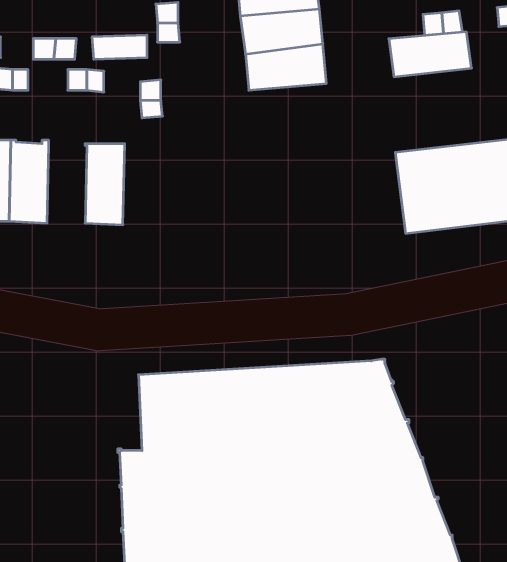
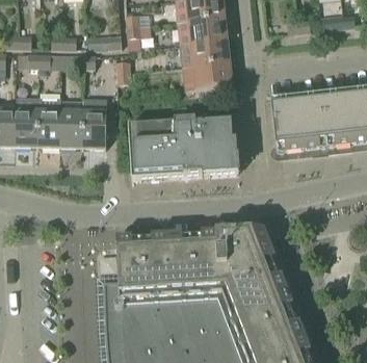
building: [389,32,472,77] -> [182,62,232,89]
building: none -> [60,111,83,147]
building: none -> [128,118,238,179]

